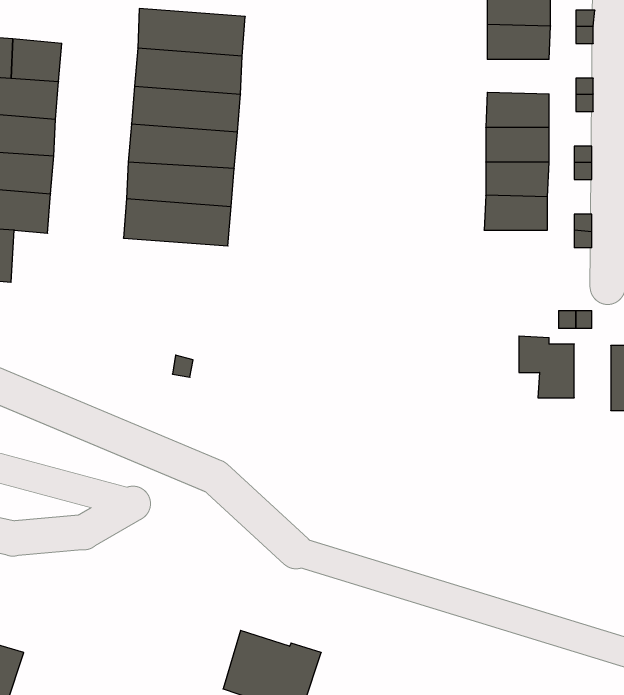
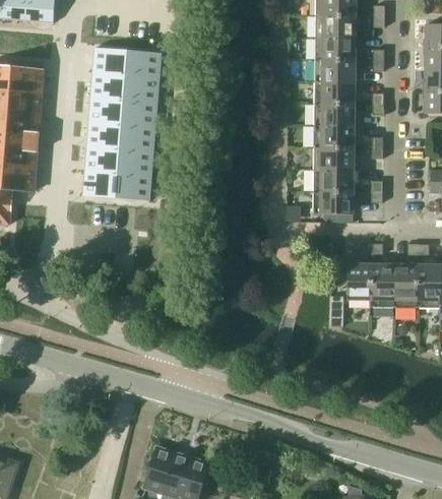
building: none -> [315,80,355,103]
building: none -> [313,190,354,212]
building: none -> [371,263,394,306]

